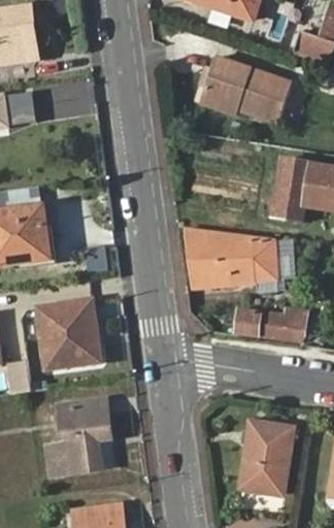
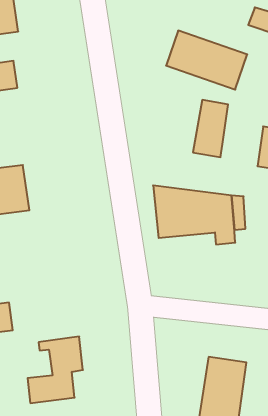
building: [271,159,310,223] -> [193,100,228,157]
building: [37,299,101,369] -> none
building: [235,308,305,342] -> none

